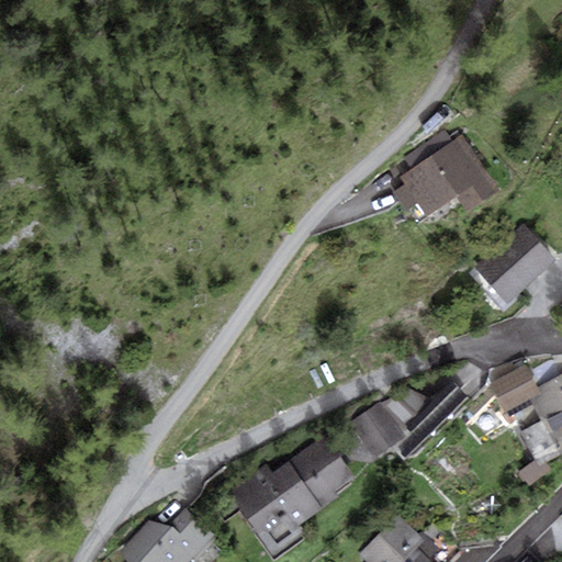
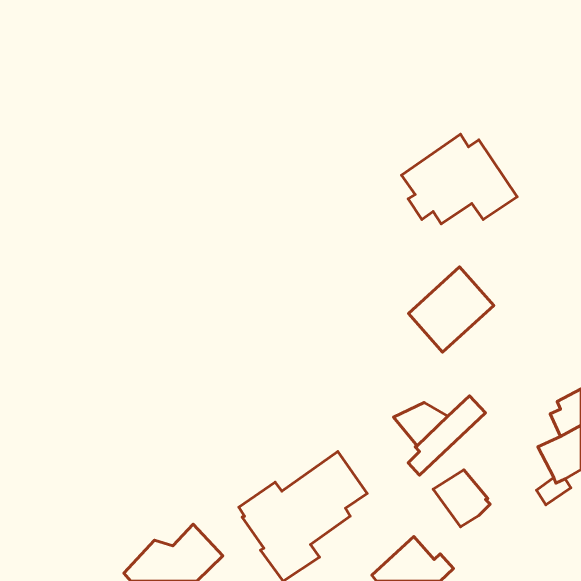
building: [474,223,557,305] -> [408,267,494,352]
building: [491,364,541,413] -> none
building: [350,403,405,458] -> [433,470,490,527]

